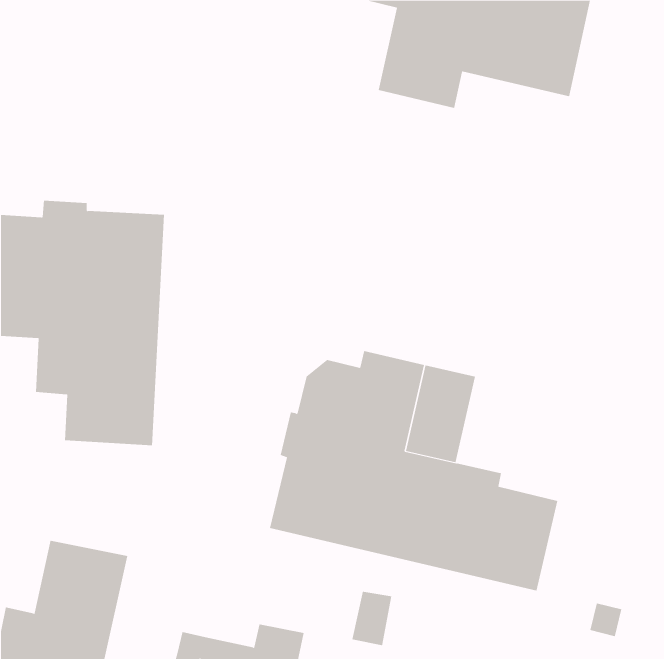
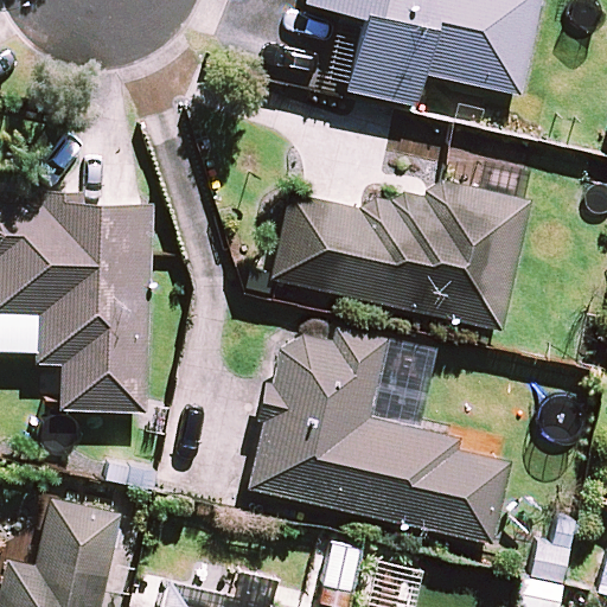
building: none -> [270,180,530,330]

